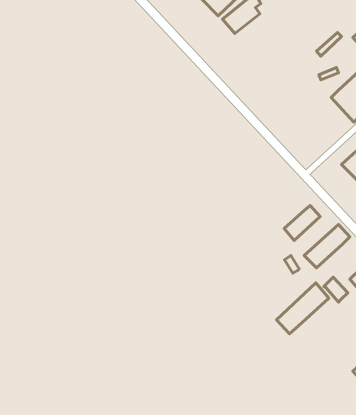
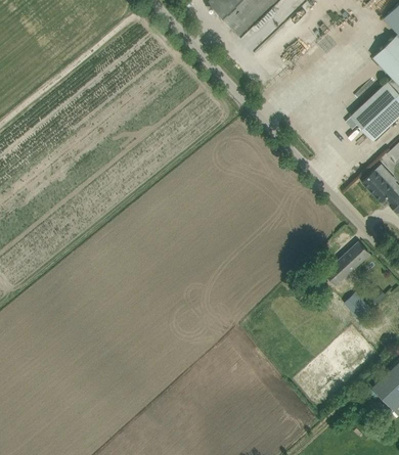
building: [284,205,320,240] -> none
building: [277,283,329,334] -> none

